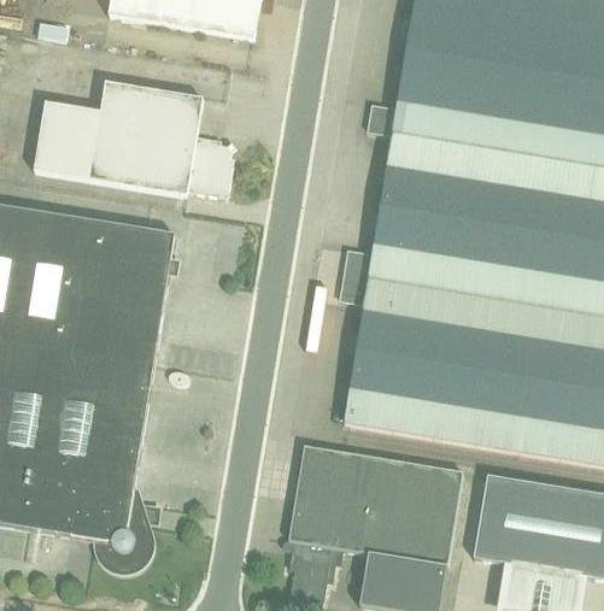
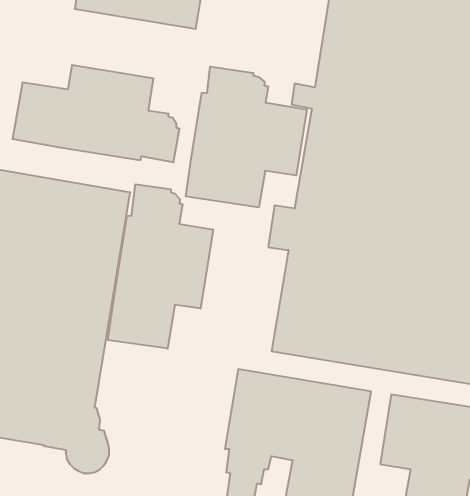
building: none -> [186,67,307,207]
building: none -> [108,184,213,349]

